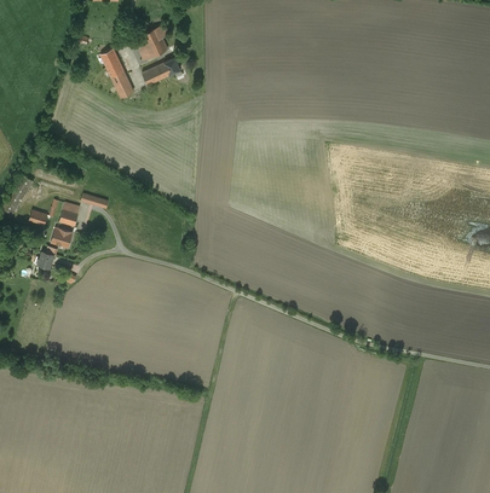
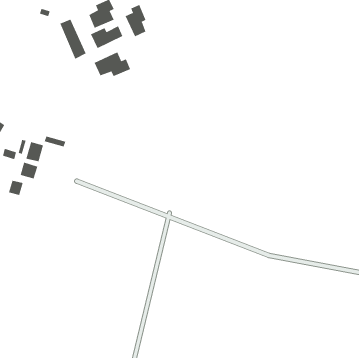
building: none -> [125,4,146,37]
building: none -> [94,52,131,77]

